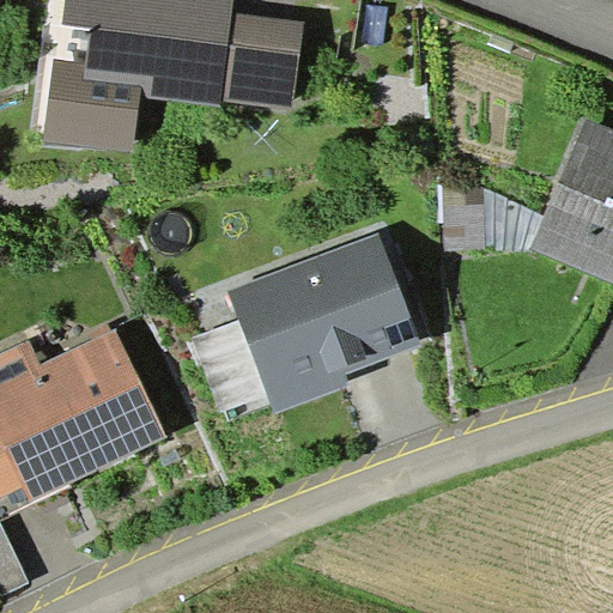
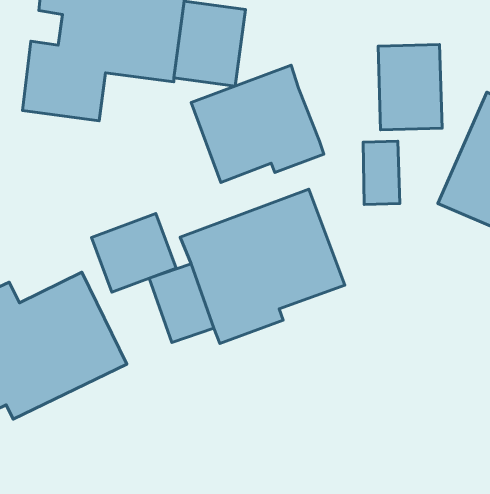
building: none -> [378,44,442,130]
building: none -> [191,65,324,182]
building: none -> [92,214,176,292]

